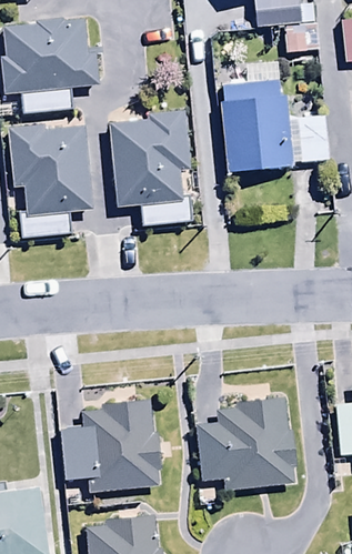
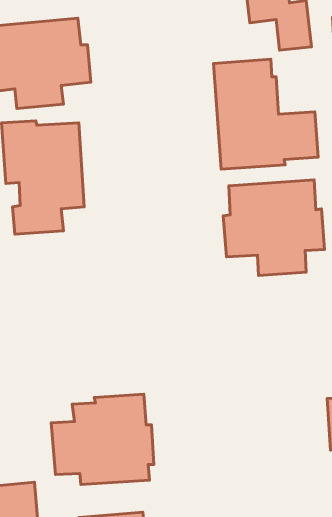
building: [107,113,193,226] -> none
building: none -> [223,180,325,276]
building: [194,397,299,488] -> none

